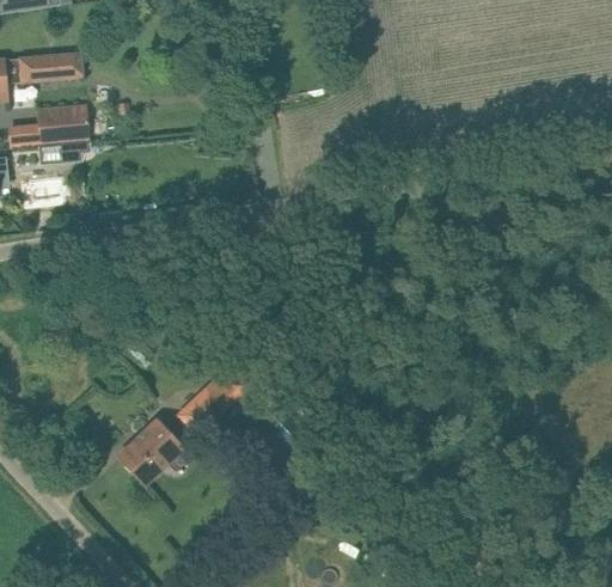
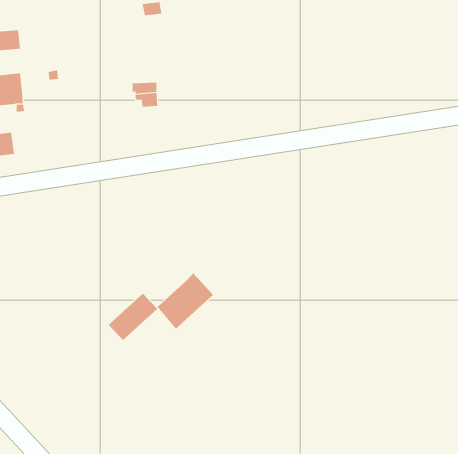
building: none -> [157,273,214,330]
building: [116,420,180,483] -> none

